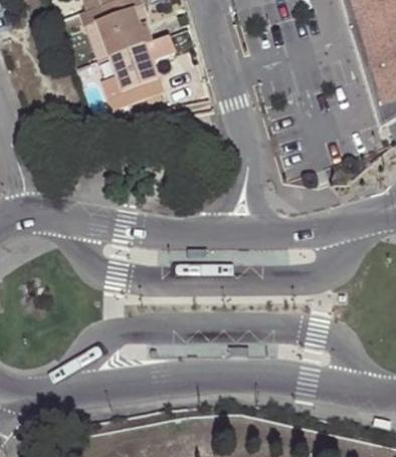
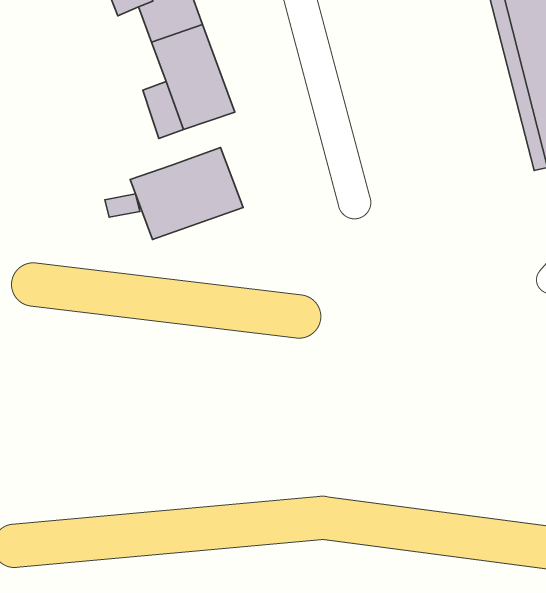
building: none -> [130,148,243,240]

